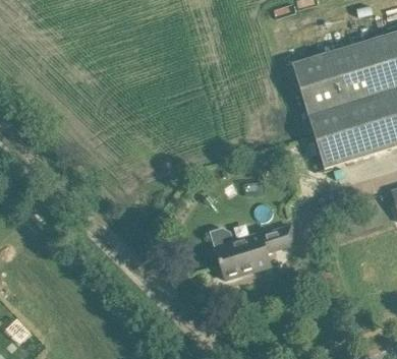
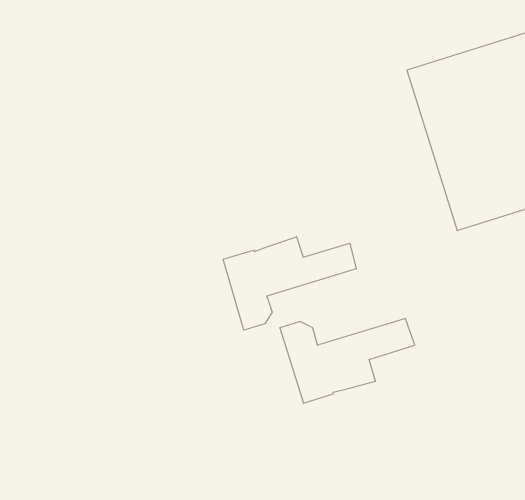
building: none -> [223,237,356,330]

